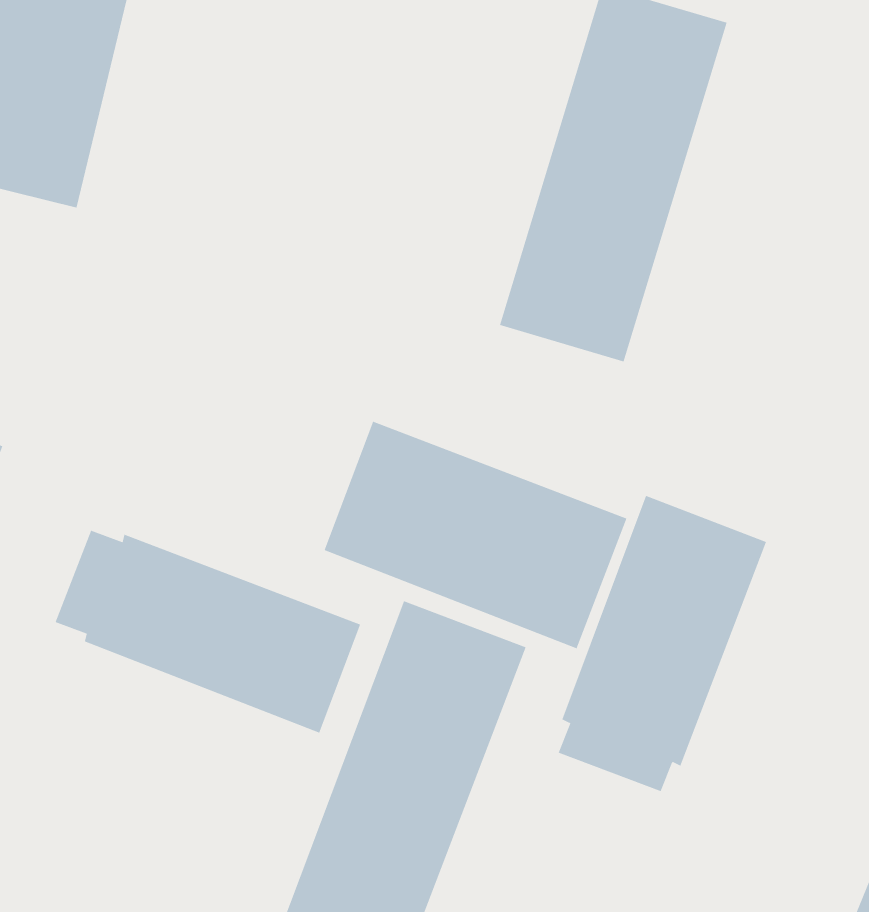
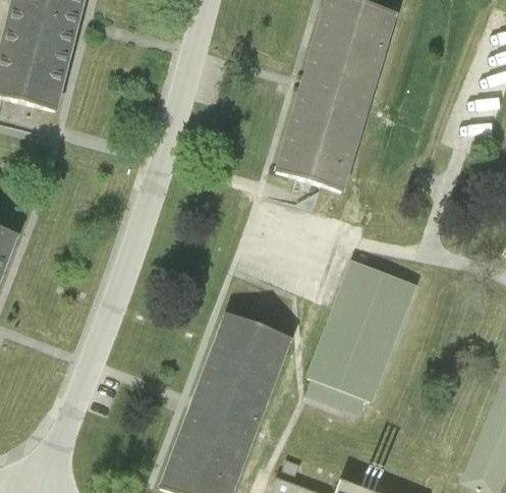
building: [324,421,627,649] -> none
building: [55,530,361,733] -> none

